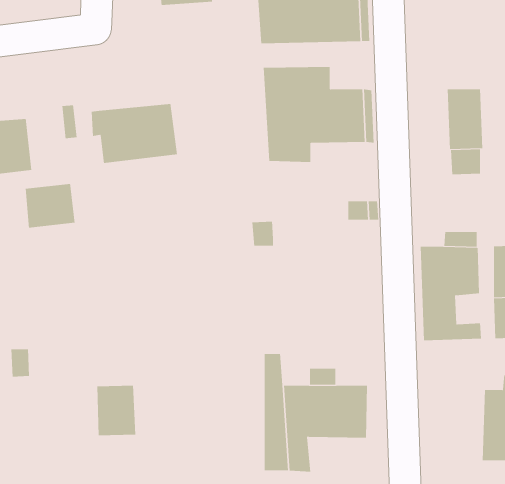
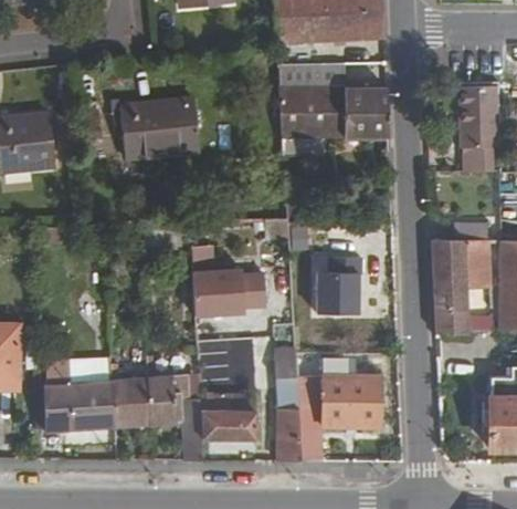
building: [25,183,75,228] -> none
building: none -> [316,254,360,312]
building: none -> [197,269,265,313]
building: none -> [45,361,116,429]
building: none -> [151,377,192,426]
building: none -> [203,393,256,439]

